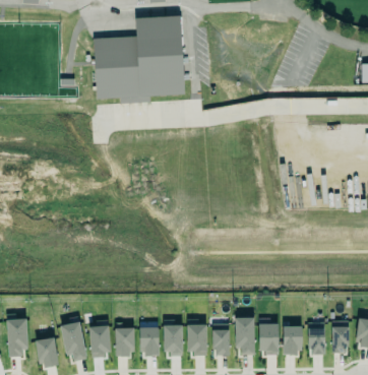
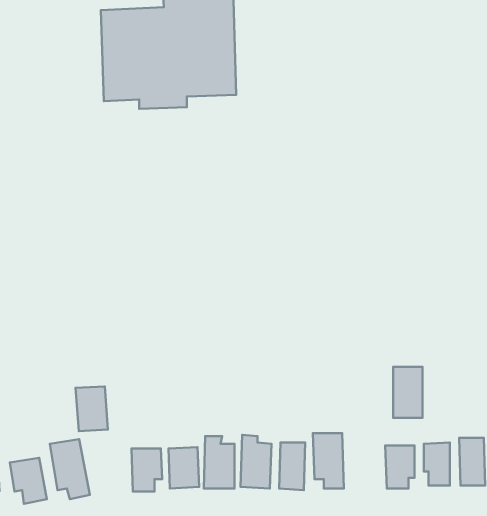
building: [259,320,279,354] -> [393,367,422,418]
building: [89,326,111,356] -> [76,386,108,431]

